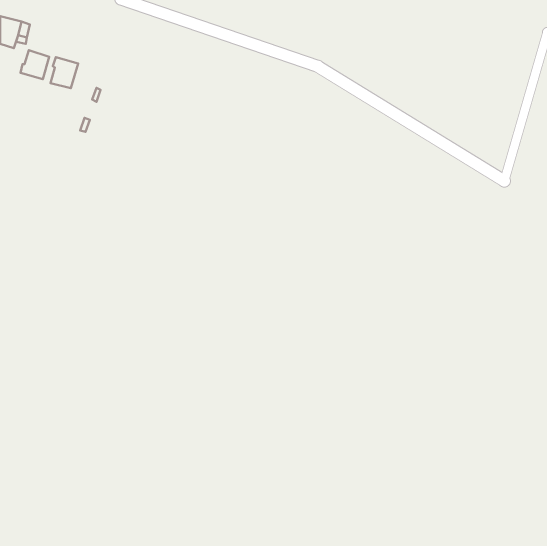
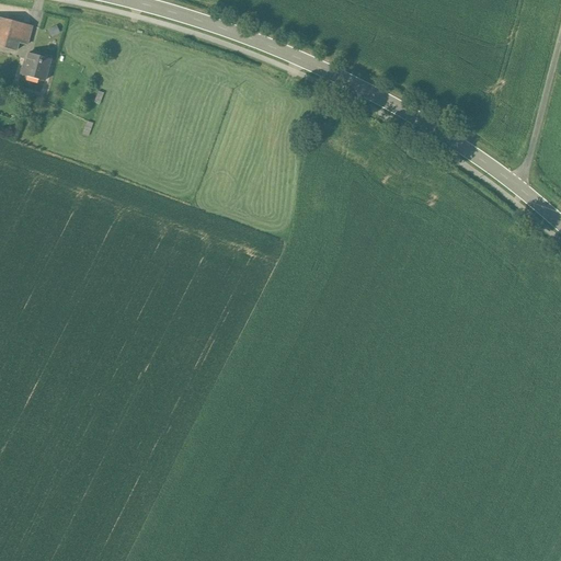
building: [51,57,78,88] -> none

